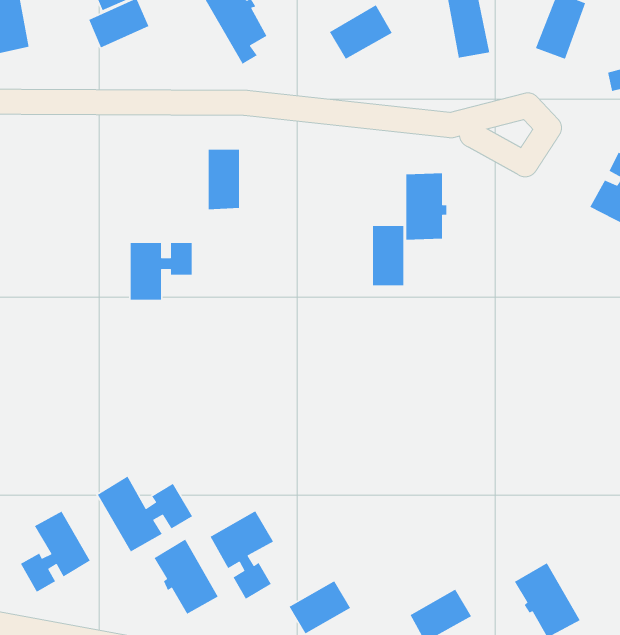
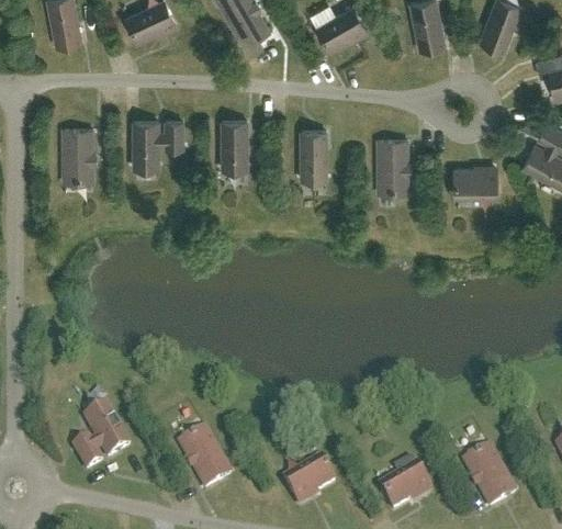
building: none -> [64,130,97,182]
building: none -> [454,168,496,194]
building: [372,225,404,286] -> [301,131,326,179]
building: [130,242,193,301] -> [134,121,183,167]
building: [97,475,193,552] -> none
building: [210,510,274,600] -> none

